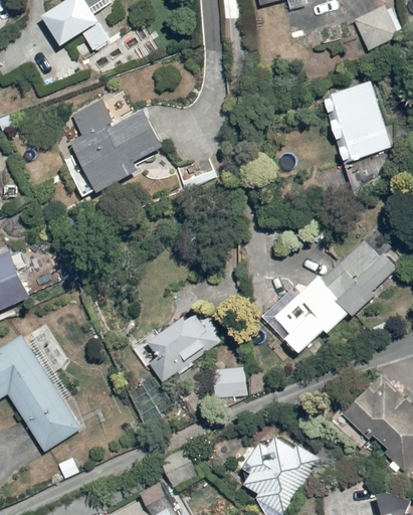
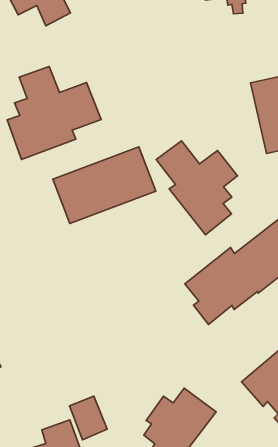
building: none -> [156,141,238,235]
building: none -> [53,147,156,223]
building: [146,310,218,386] -> none
building: [211,365,243,398] -> none

